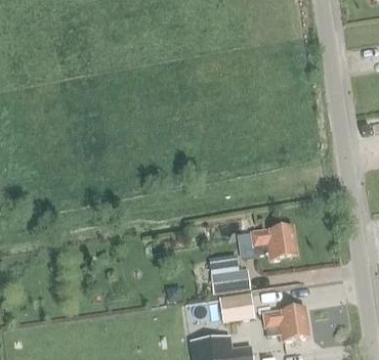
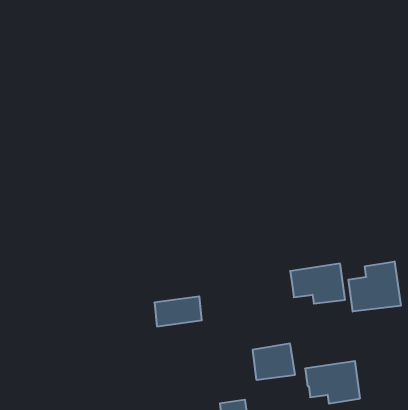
building: none -> [348,261,401,312]
building: [212,268,251,292] -> [154,296,202,326]

